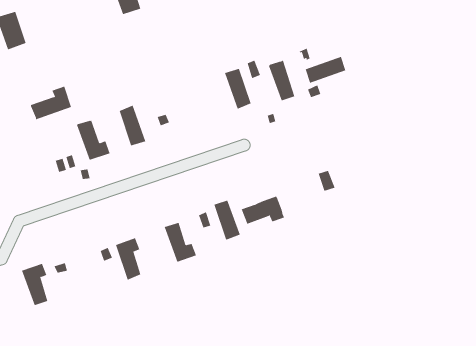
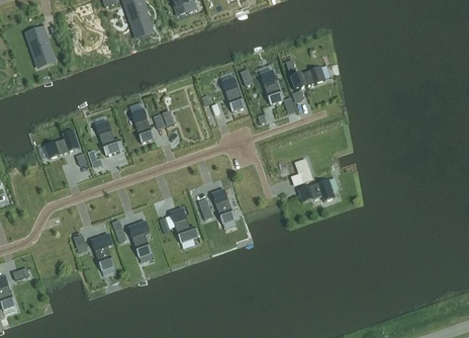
building: [30,86,72,120] -> [43,129,79,158]
building: [241,196,285,224] -> [297,178,335,202]
building: [21,263,48,306] -> [90,234,113,270]

